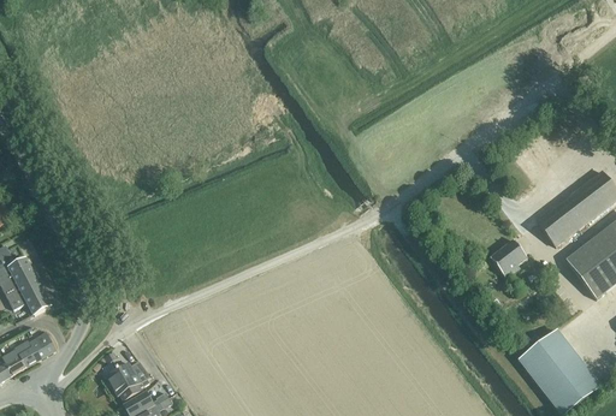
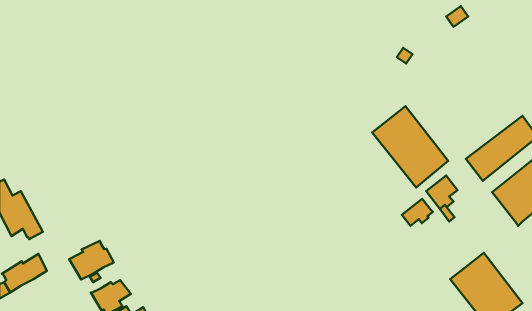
building: none -> [372,106,448,187]
building: none -> [402,199,433,226]
building: none -> [69,241,114,279]

